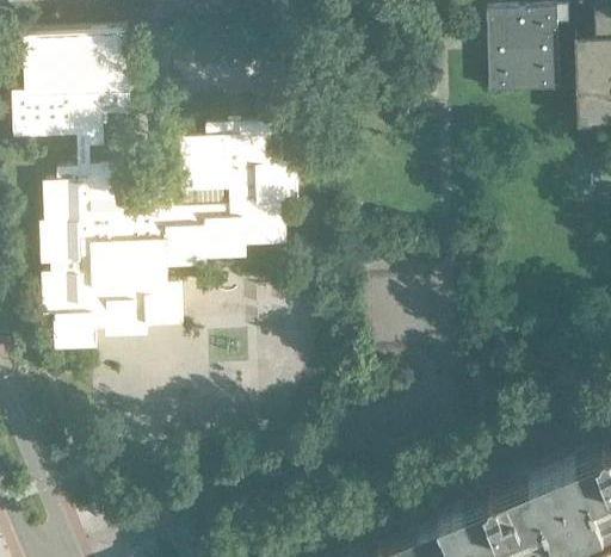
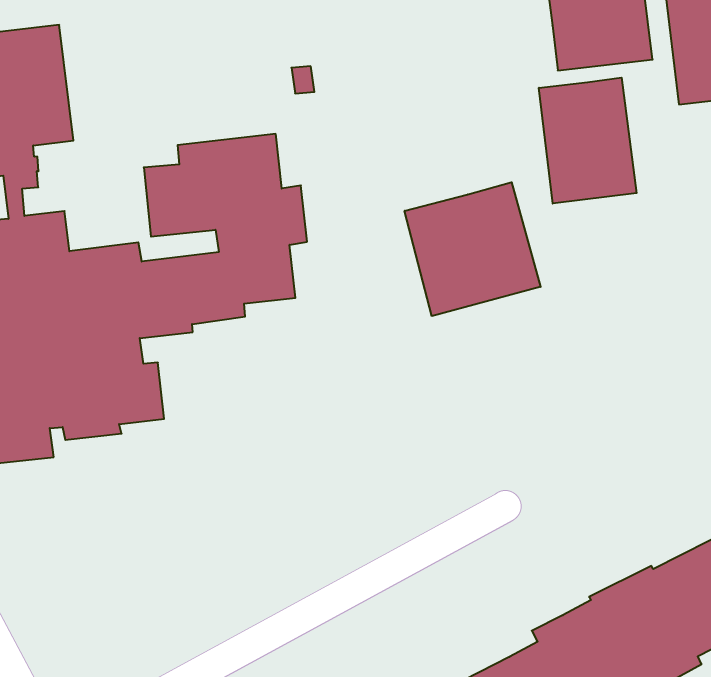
building: none -> [539,78,637,204]
building: none -> [405,182,541,316]

